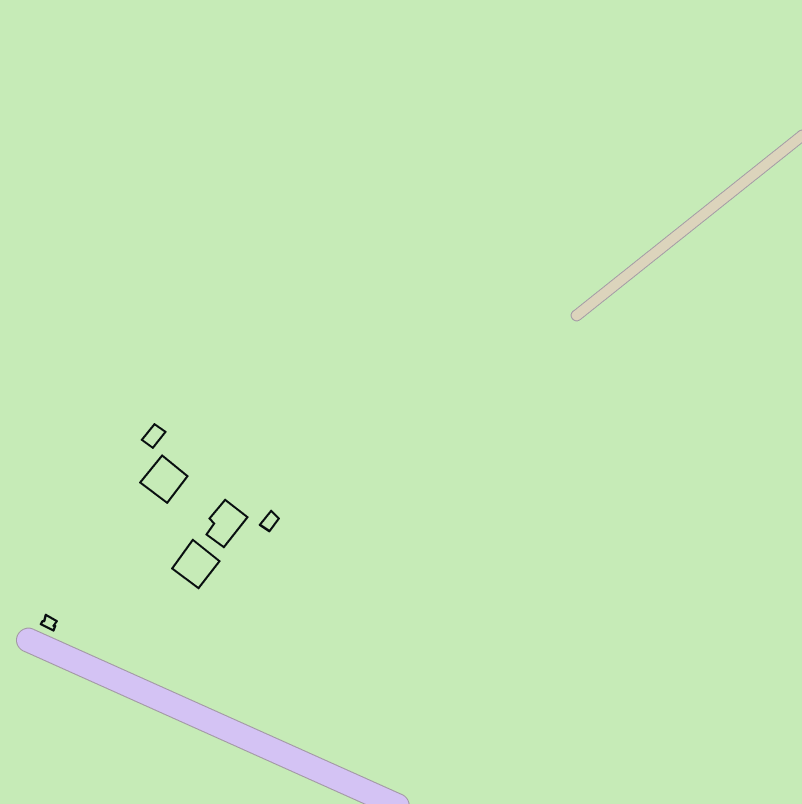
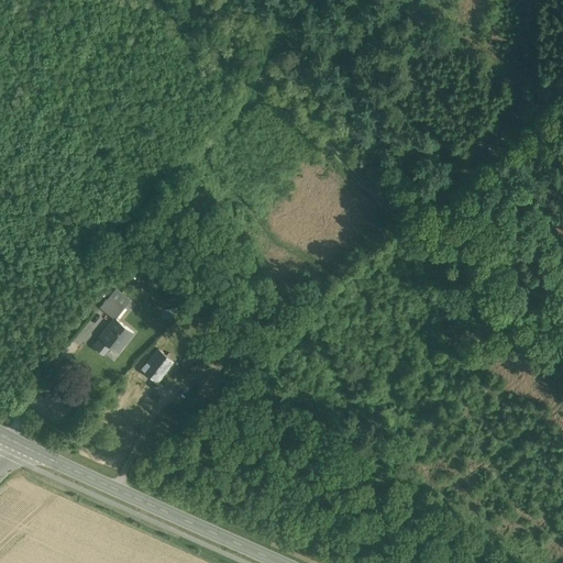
building: [172,540,220,588] -> none

